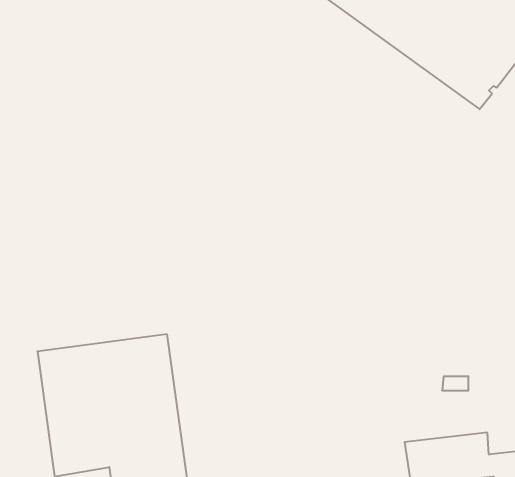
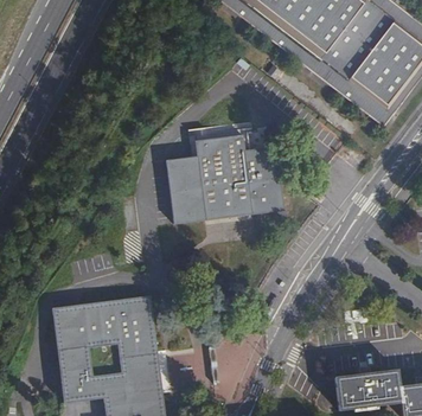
building: none -> [171,134,284,220]

